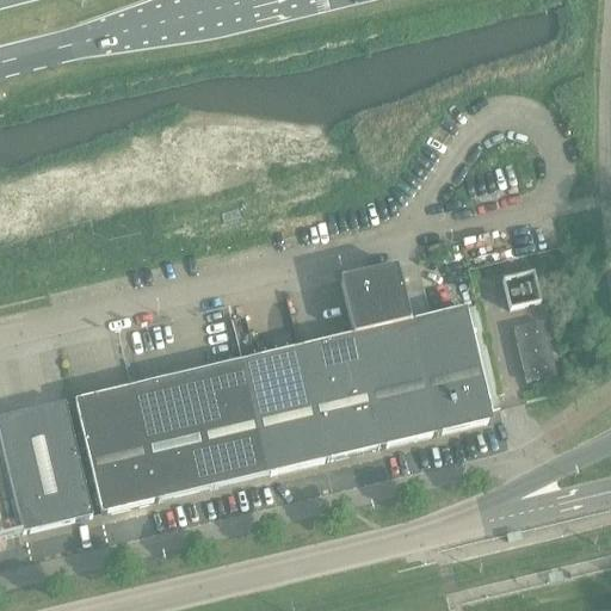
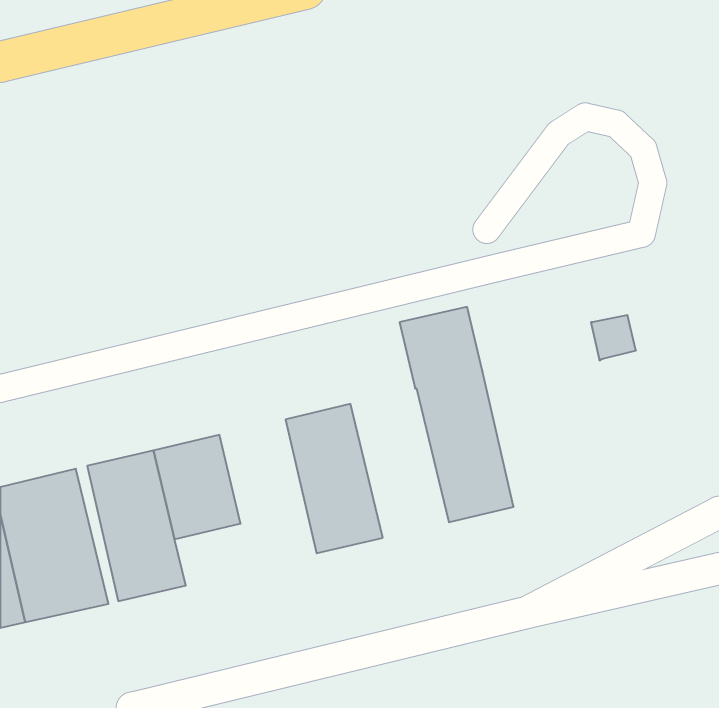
building: [409,302,493,430] -> none
building: [513,316,555,376] -> none
building: [297,329,381,456] -> none
building: [148,356,269,496] -> none

